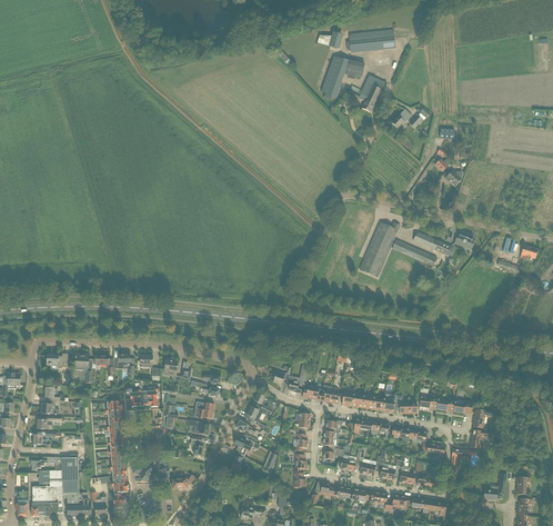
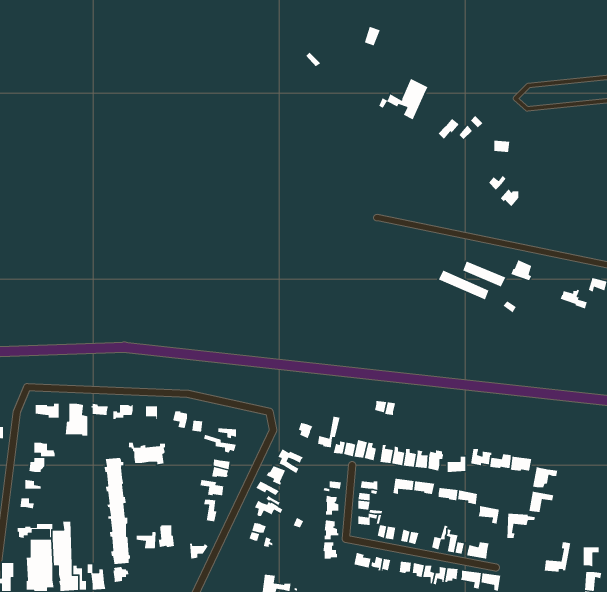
building: [348,31,394,52] -> none
building: [320,57,363,97] -> none
building: [359,222,399,277] -> none

